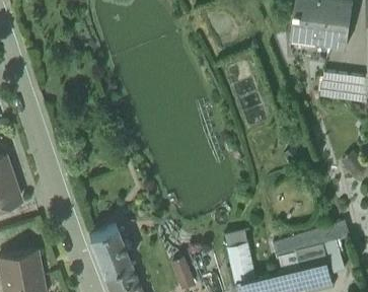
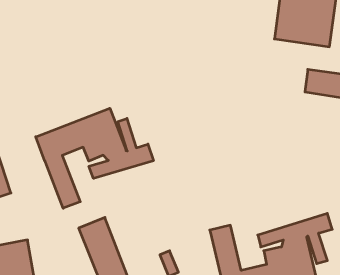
building: none -> [36,108,153,208]

